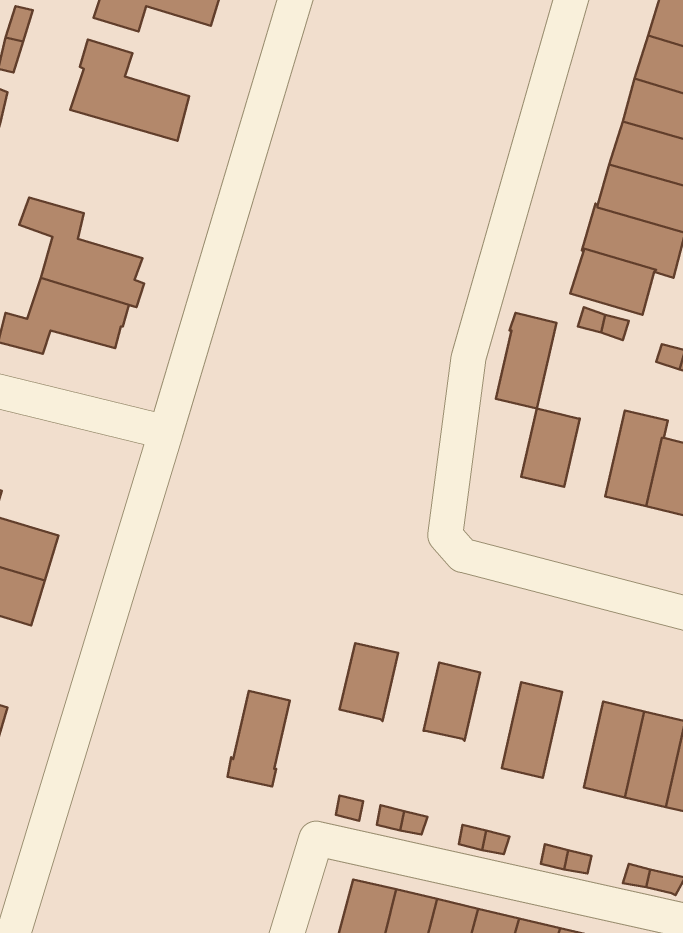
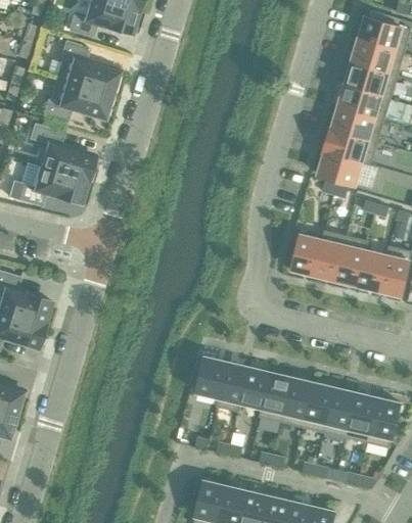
building: none -> [43,78,111,122]
building: [496,313,556,409] -> [314,230,346,280]
building: none -> [259,372,291,422]
building: [227,691,290,787] -> [216,362,248,412]
building: none -> [303,382,334,432]

